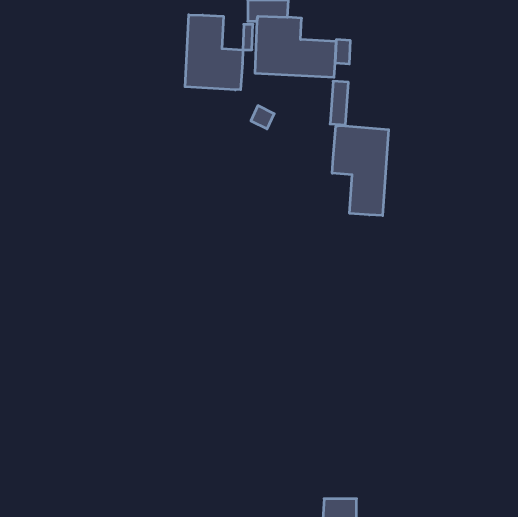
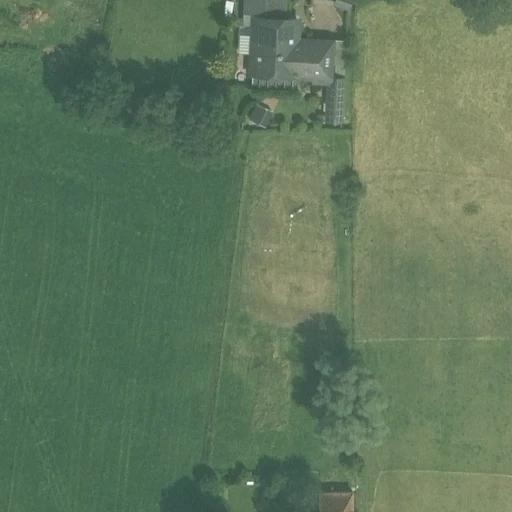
building: [185,15,243,90] -> none
building: [332,126,389,216] -> none

